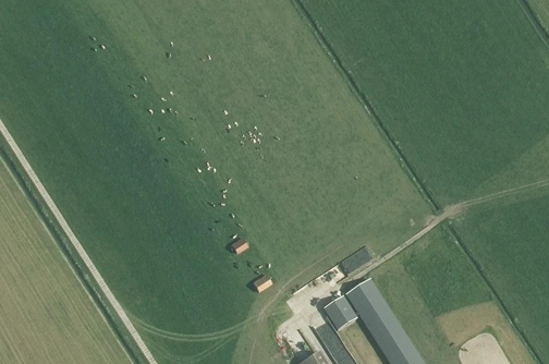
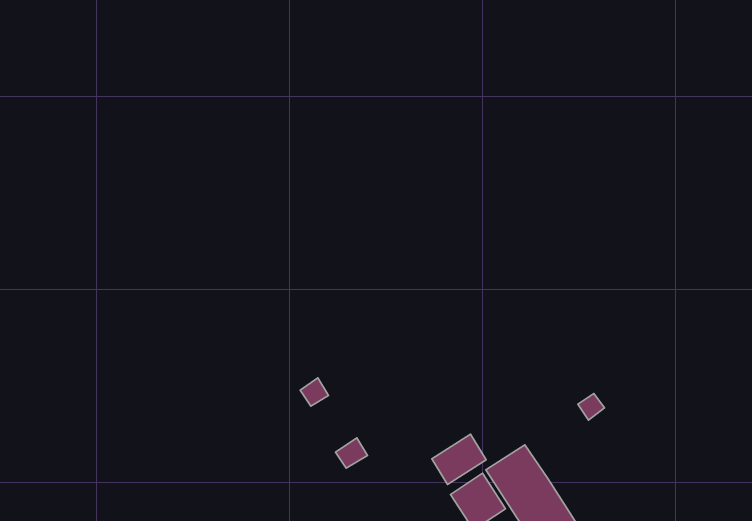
building: none -> [432,434,486,485]

